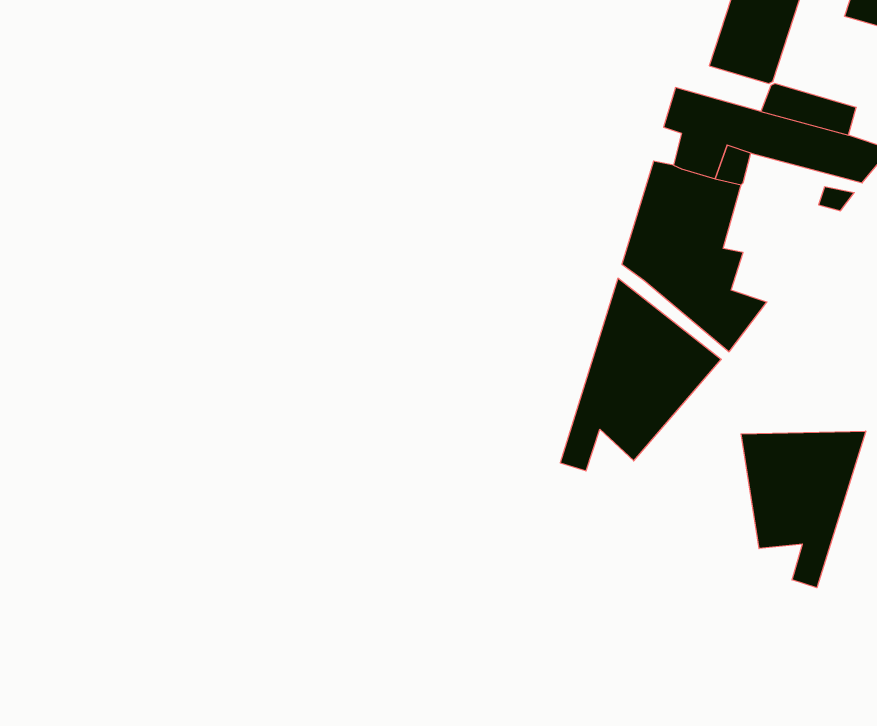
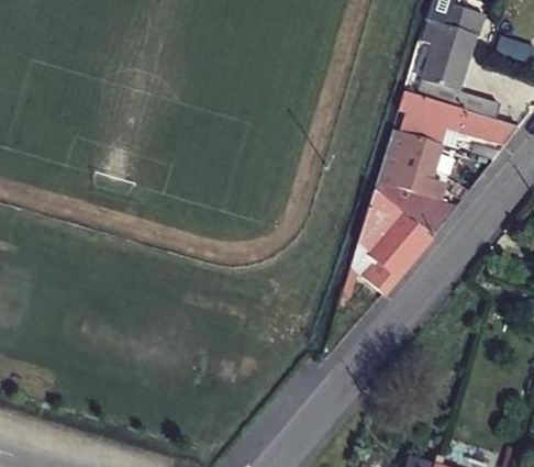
building: [741,431,866,588] -> none

